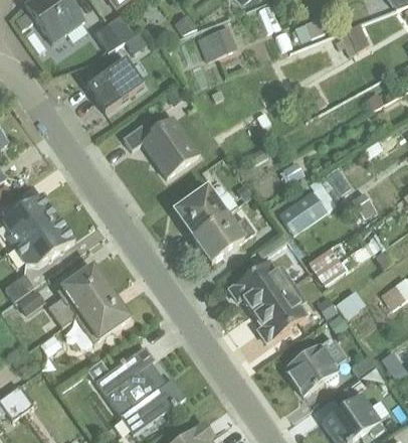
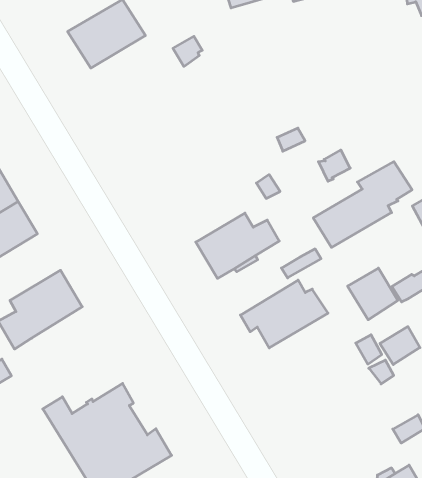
building: [122,115,200,177] -> none
building: [174,185,237,237] -> none
building: [252,283,308,342] -> none
building: [74,291,130,349] -> none
building: [284,336,345,396] -> none

